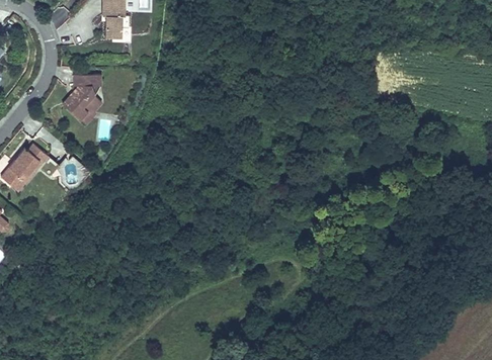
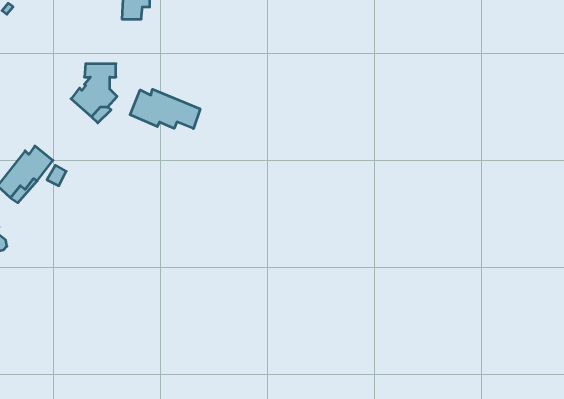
building: none -> [130,89,200,129]

